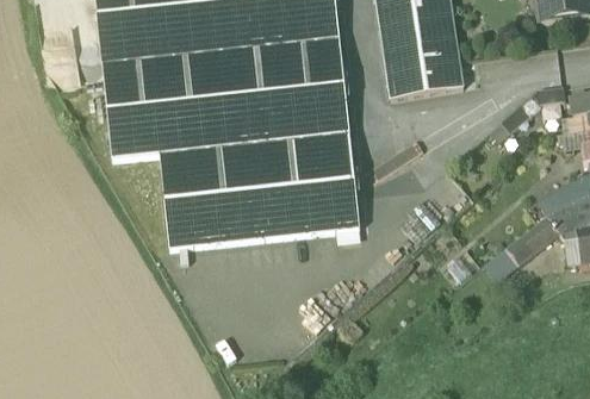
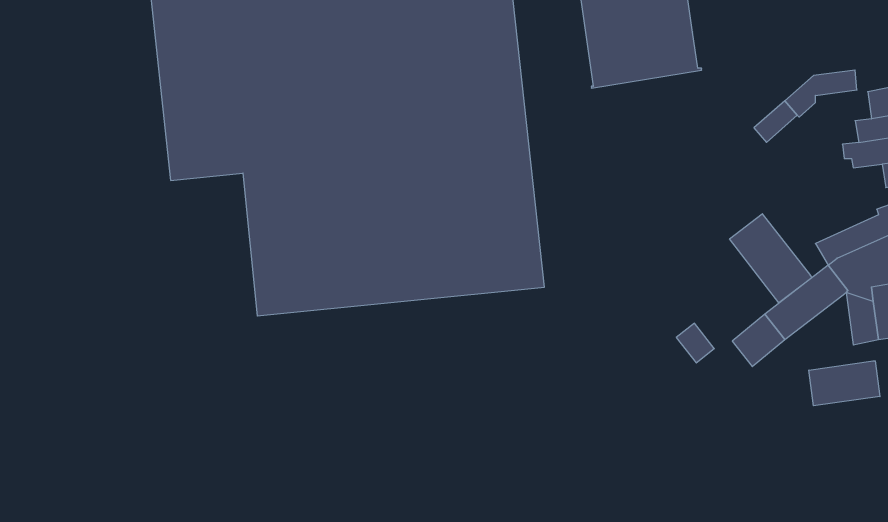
building: none -> [730,214,812,303]
building: none -> [809,361,880,406]

